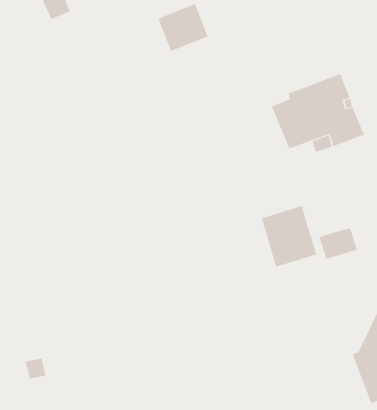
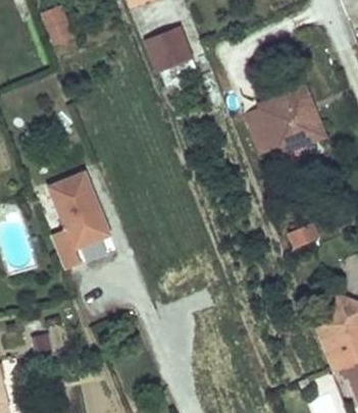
building: none -> [45,170,114,271]
building: [261,205,317,267] -> none

